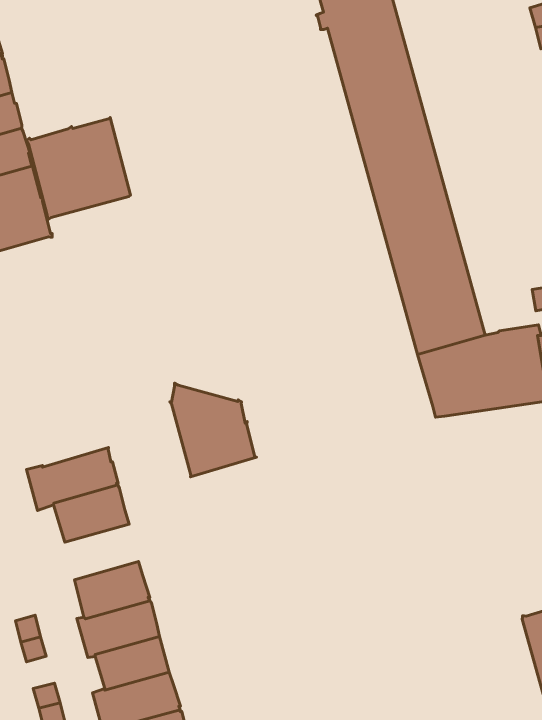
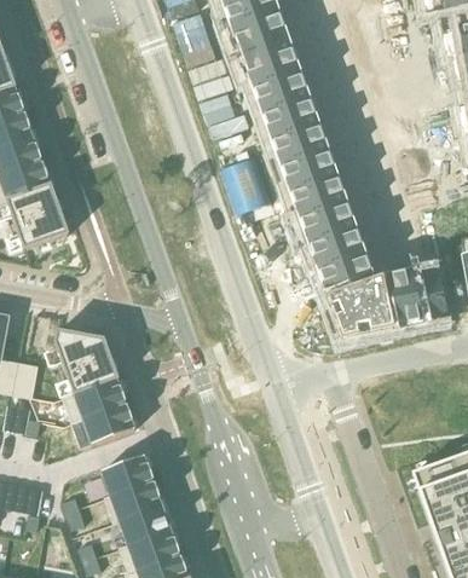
building: [26,118,130,220] -> none
building: [170,383,257,477] -> [54,329,117,393]

